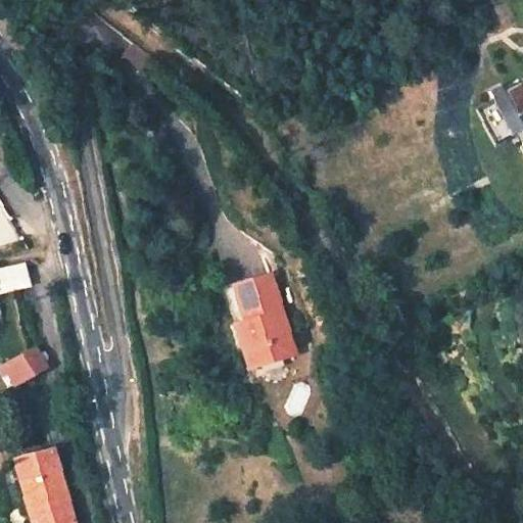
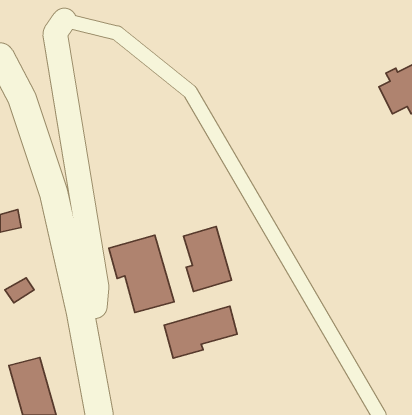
building: none -> [109,235,174,313]
building: none -> [164,306,237,358]

